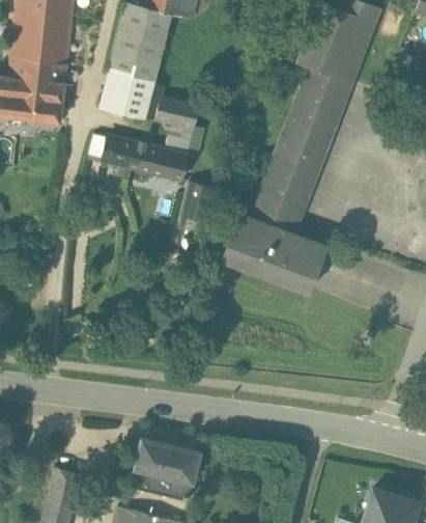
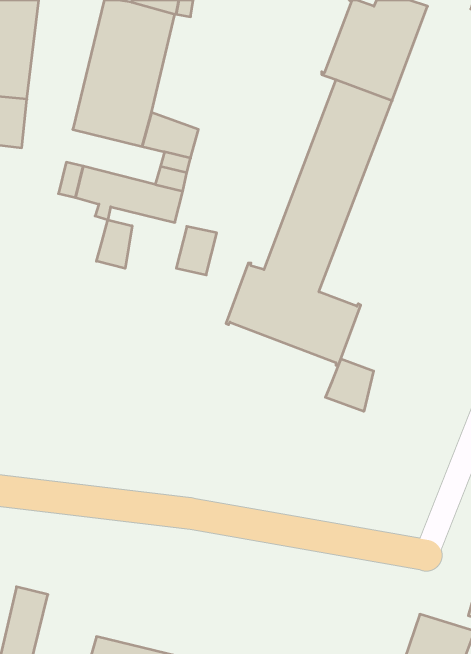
building: none -> [96,220,132,268]
building: none -> [325,359,374,411]
building: [134,438,199,502] -> none

